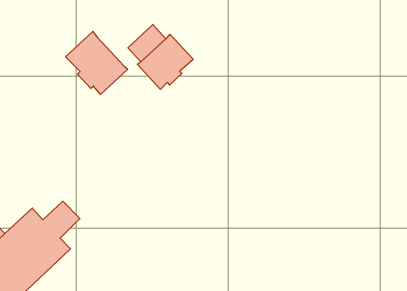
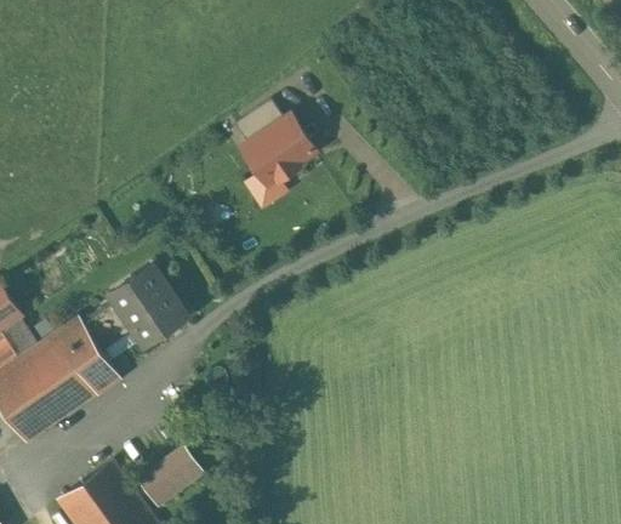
building: [66,31,128,94] -> none
building: none -> [112,275,186,353]

